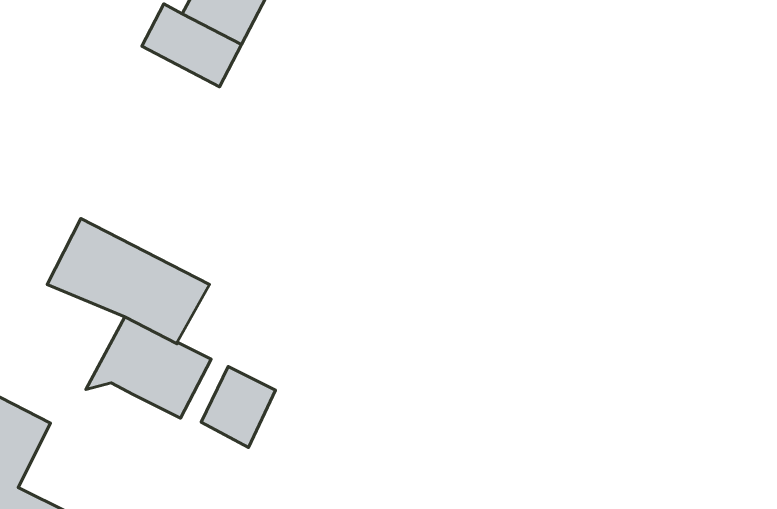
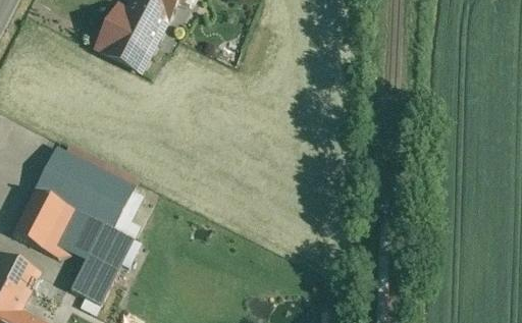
building: none -> [14,185,84,252]
building: [201,366,276,448] -> [72,252,117,301]

